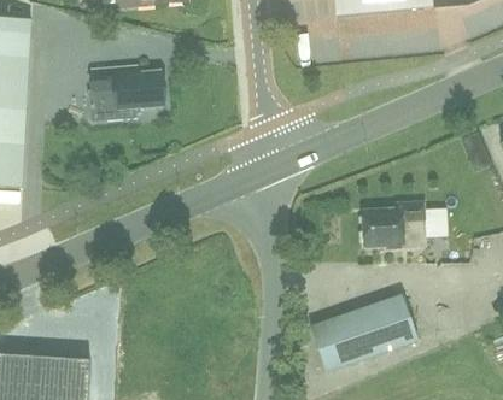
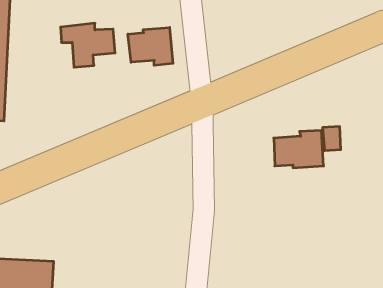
building: none -> [128,27,173,65]
building: [310,293,419,372] -> none

